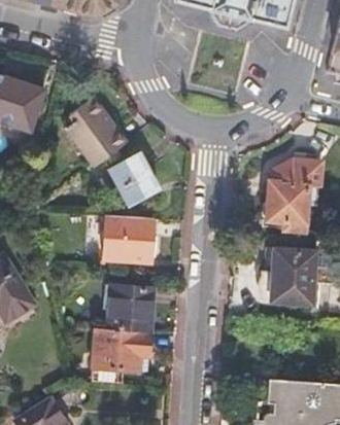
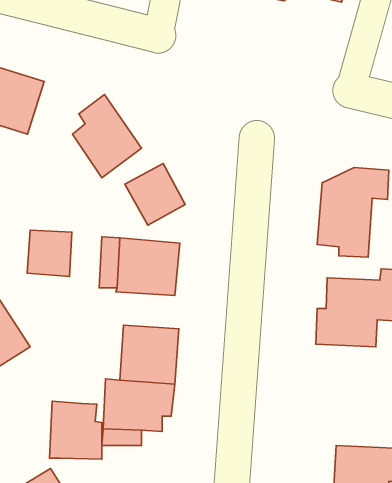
building: none -> [27,230,72,276]
building: none -> [49,401,102,459]

